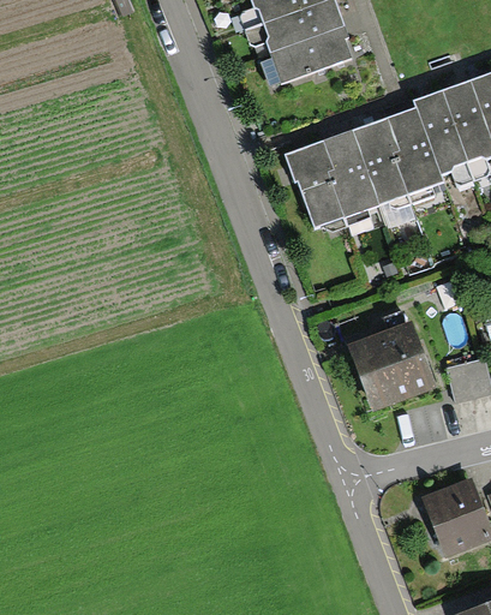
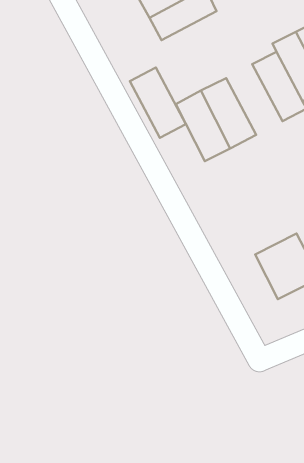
building: [352,120,412,205] -> [130,67,186,138]

